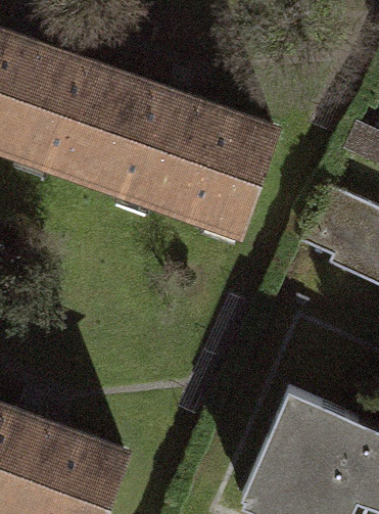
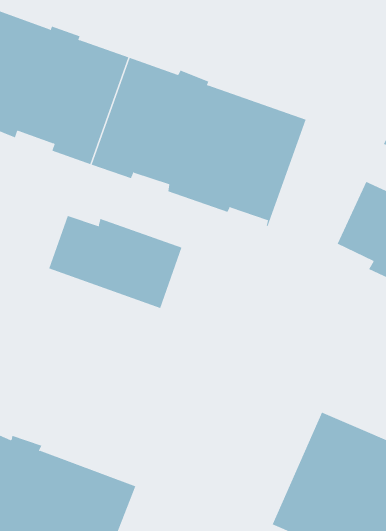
building: none -> [49,215,182,309]

